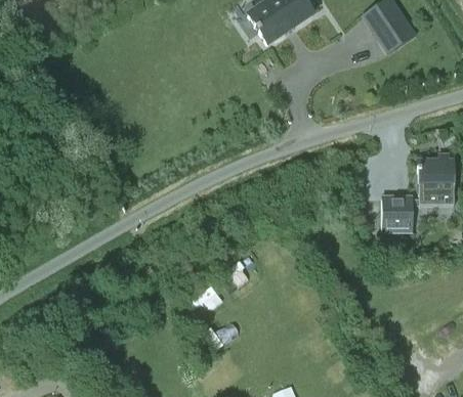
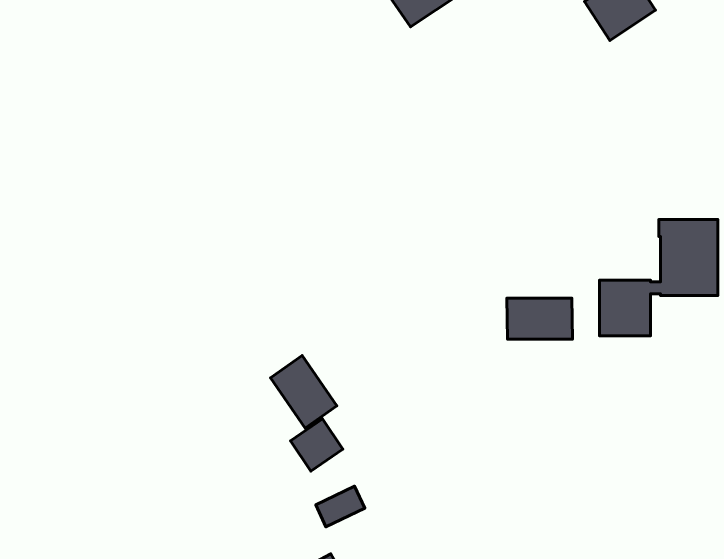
building: none -> [507,298,572,339]
building: none -> [270,355,337,428]

